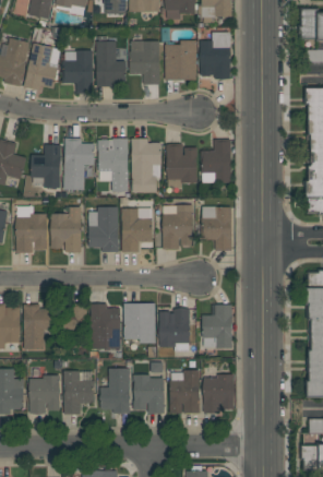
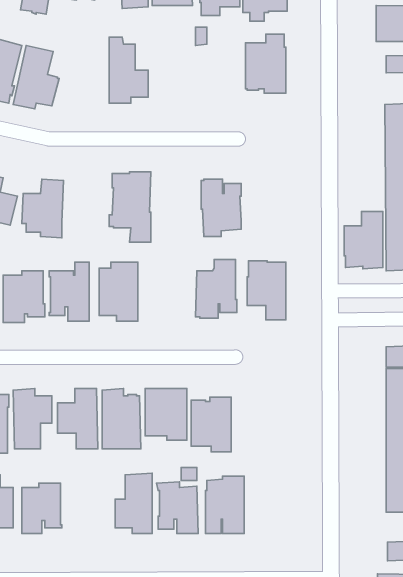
building: [166,40,196,80] -> none
building: [130,41,160,84] -> none
building: [63,50,94,94] -> none
building: [64,139,95,184] -> none
building: [132,139,162,193] -> none
building: [202,140,231,183] -> [344,211,383,269]
building: [122,207,153,252] -> none
building: [203,305,232,348] -> none
building: [64,371,95,415] -> none
building: [204,374,235,413] -> none

